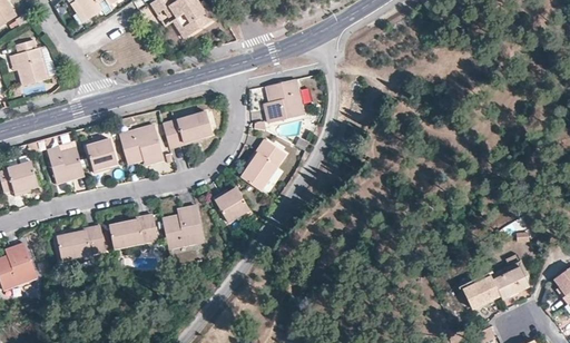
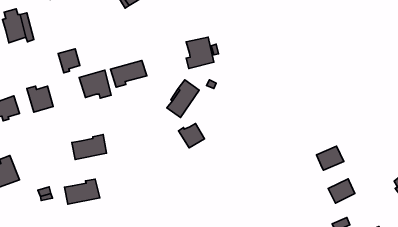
building: [86,139,116,173] -> [58,49,80,73]
building: [214,188,249,222] -> [179,124,204,148]
building: [161,205,204,248] -> none
building: [57,225,106,259] -> [64,179,100,204]
building: [492,266,530,300] -> [316,146,344,170]

